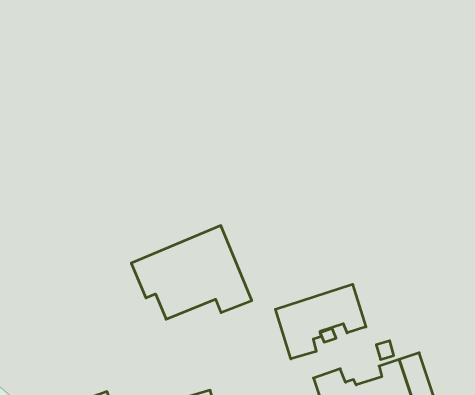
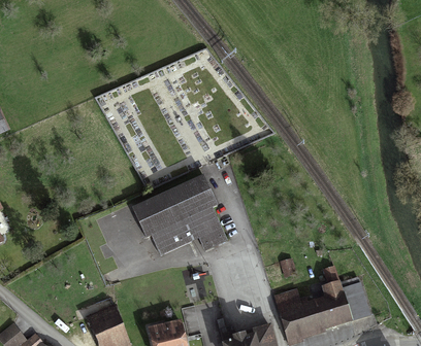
building: [275,284,366,359] -> none

